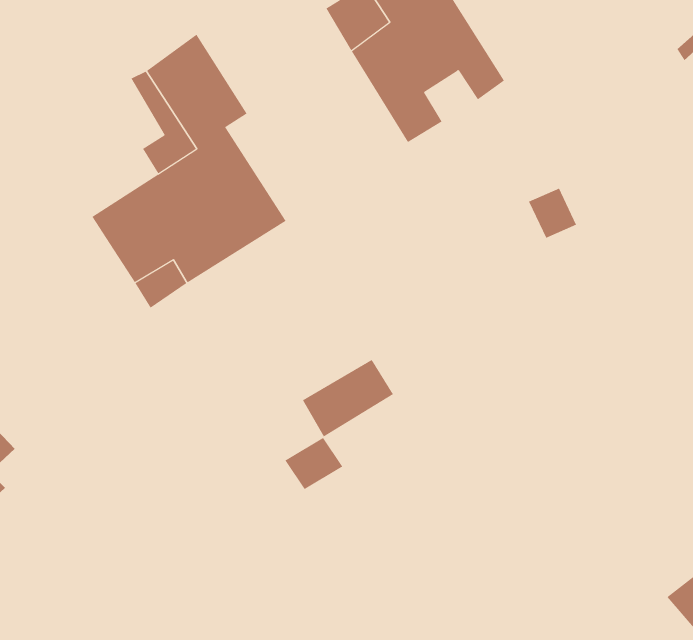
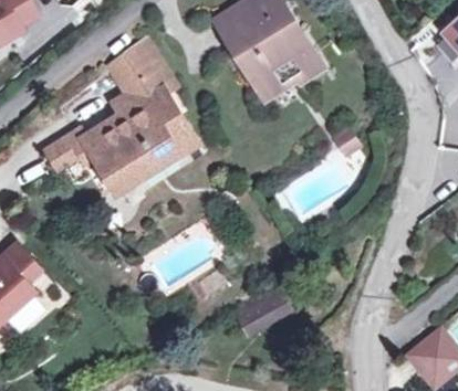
building: none -> [43,129,94,170]
building: [302,359,394,437] -> [236,288,288,332]

